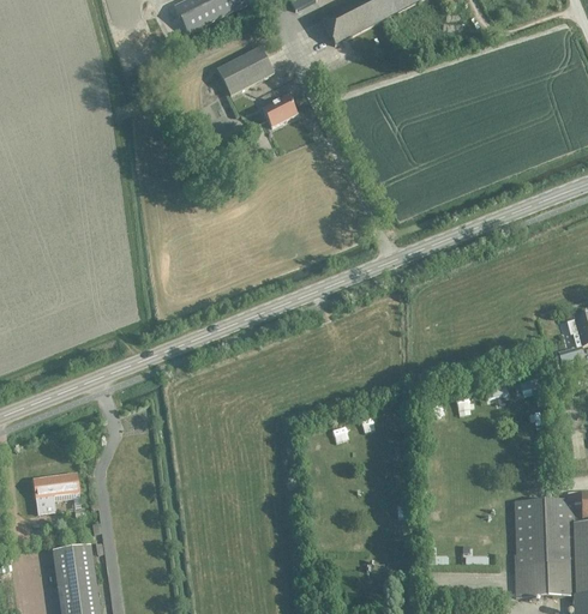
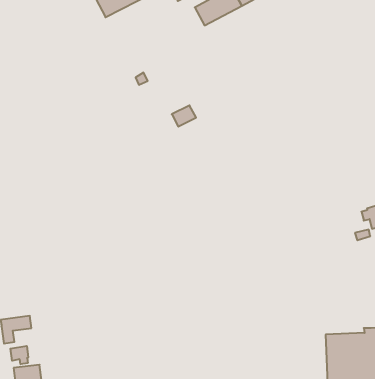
building: [217,48,275,96] -> none
building: [262,95,298,126] -> [172,105,196,127]
building: none -> [10,346,28,364]

